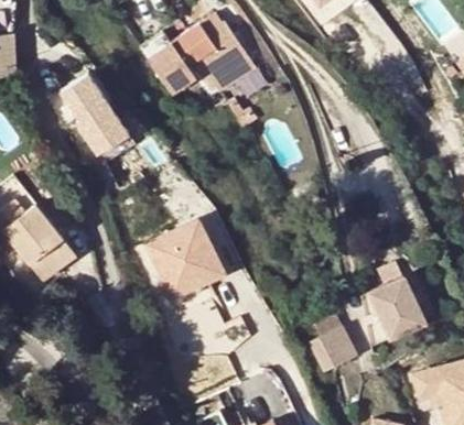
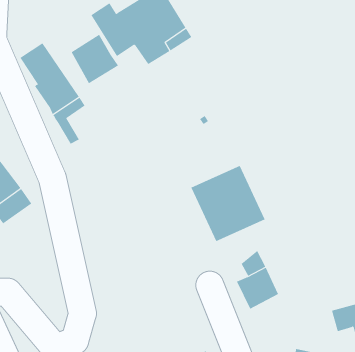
building: none -> [71,34,119,84]
building: [142,215,227,302] -> [191,165,265,242]
building: [359,277,425,345] -> none

